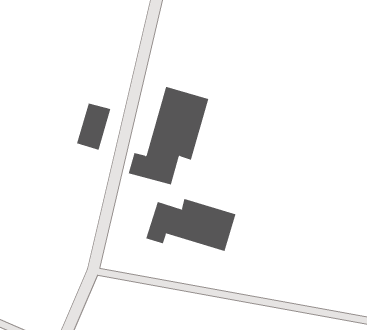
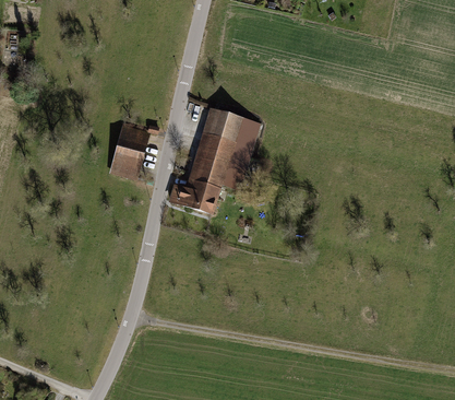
building: [146,198,236,252] -> none

